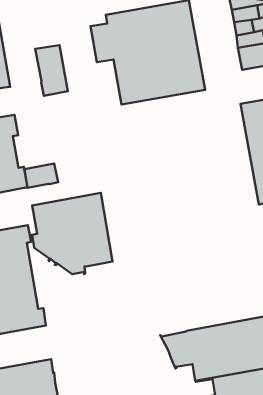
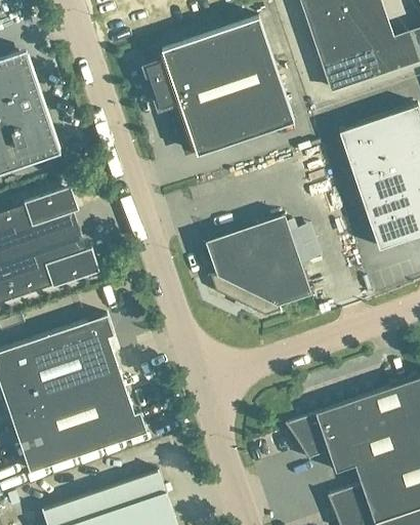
building: [35,45,68,96] -> none
building: [24,164,58,188] -> none
building: [30,193,113,274] -> [205,214,311,317]

